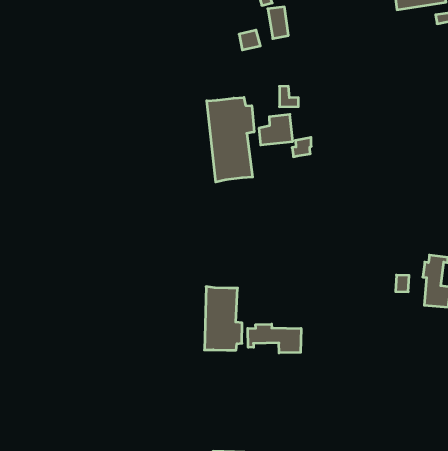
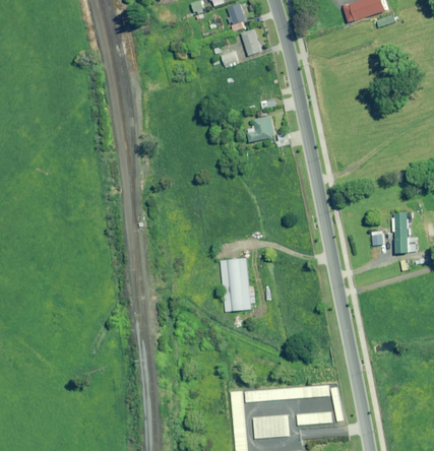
building: [207,97,254,182] -> none
building: [248,324,301,353] -> none

